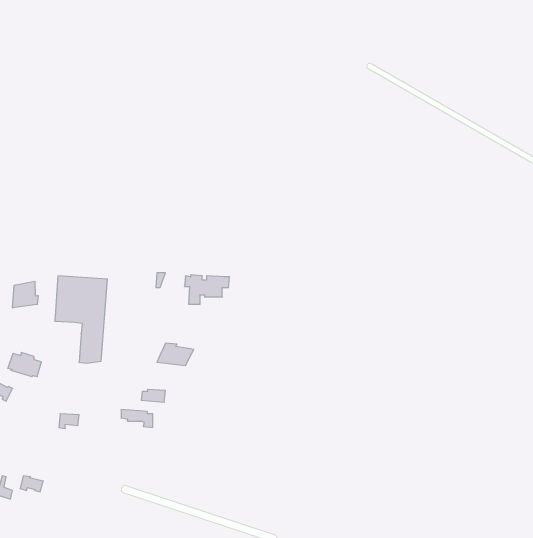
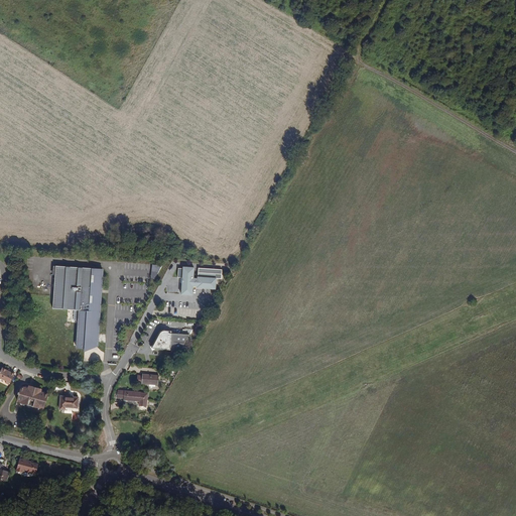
building: [13,281,38,308] -> none
building: [8,352,41,377] -> [13,386,45,409]

